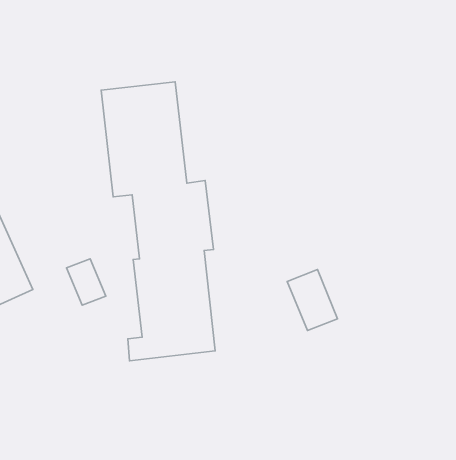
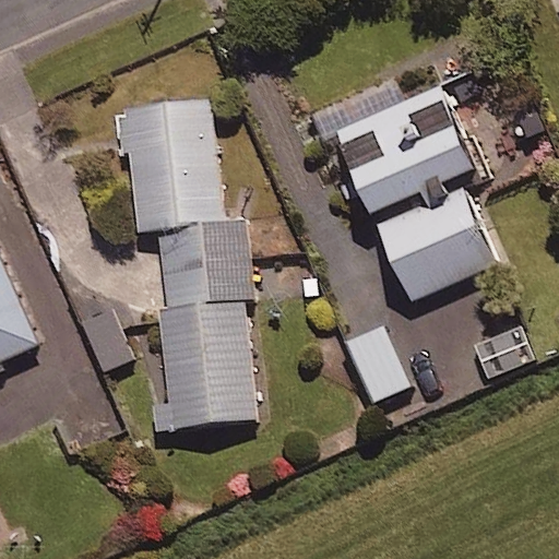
building: none -> [330,79,495,302]

